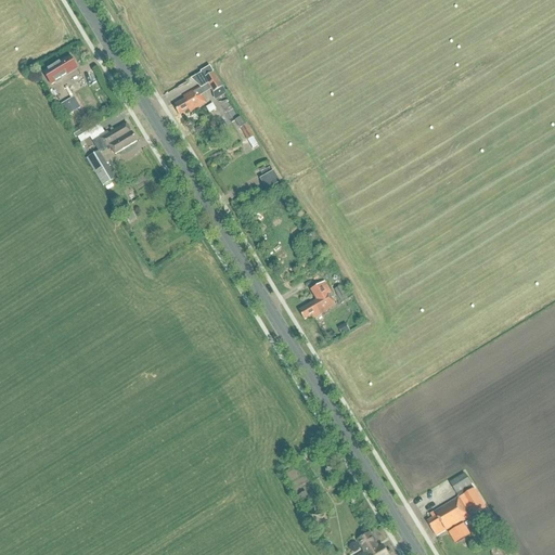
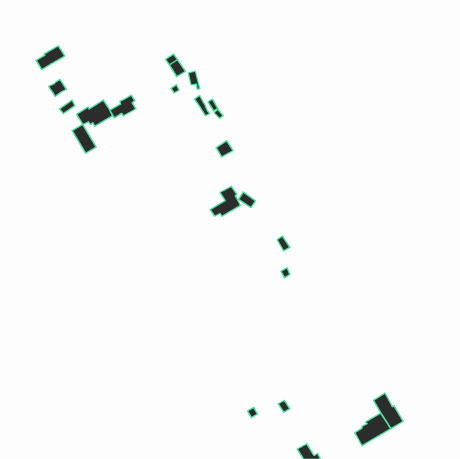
building: [175,87,206,114] -> [110,95,136,118]
building: [299,282,336,318] -> [210,186,241,216]

